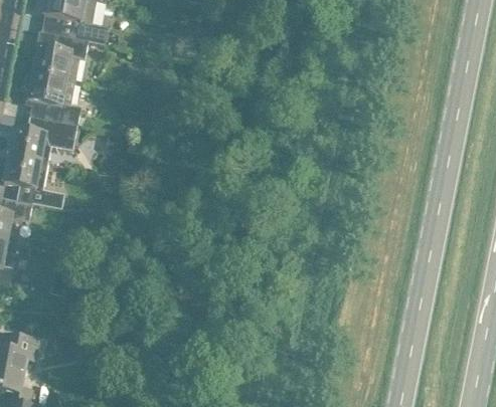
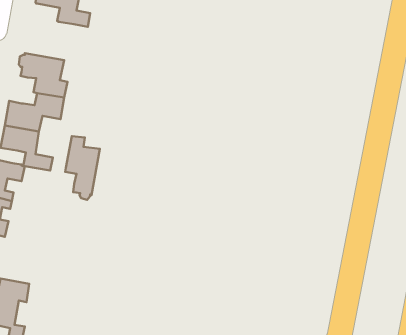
building: [30,33,87,80] -> none
building: none -> [65,136,100,200]

